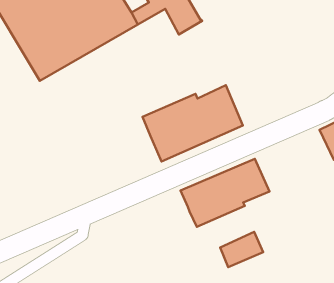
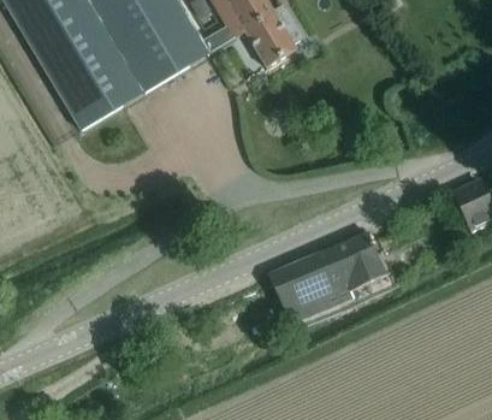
building: [143,85,243,162] -> none
building: [220,232,263,267] -> none

